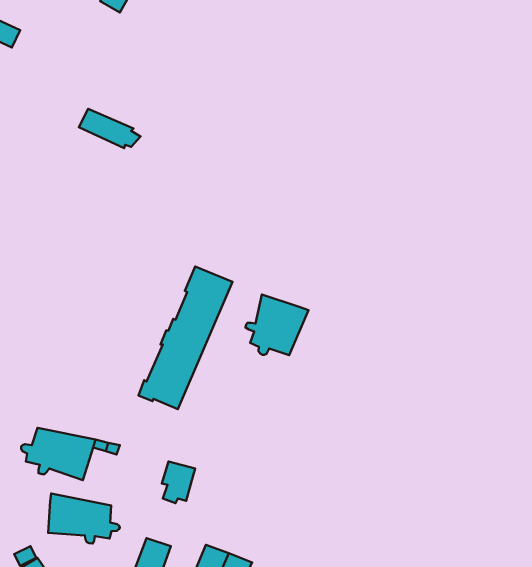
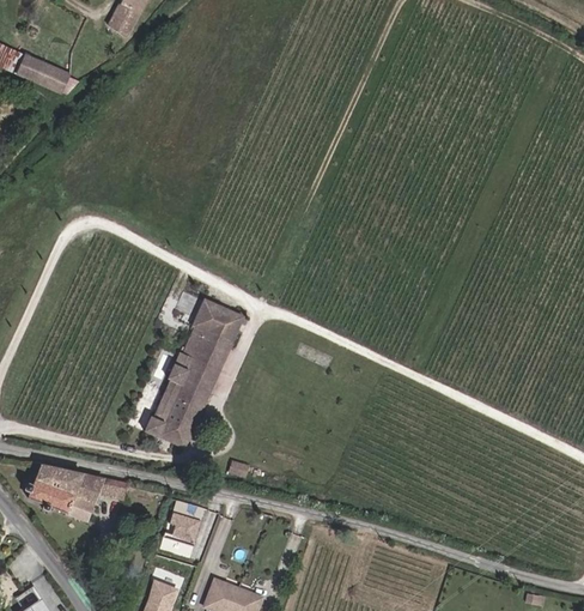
building: [79,109,140,148] -> [16,53,79,93]
building: [246,294,308,355] -> none
building: [48,494,120,543] -> none

